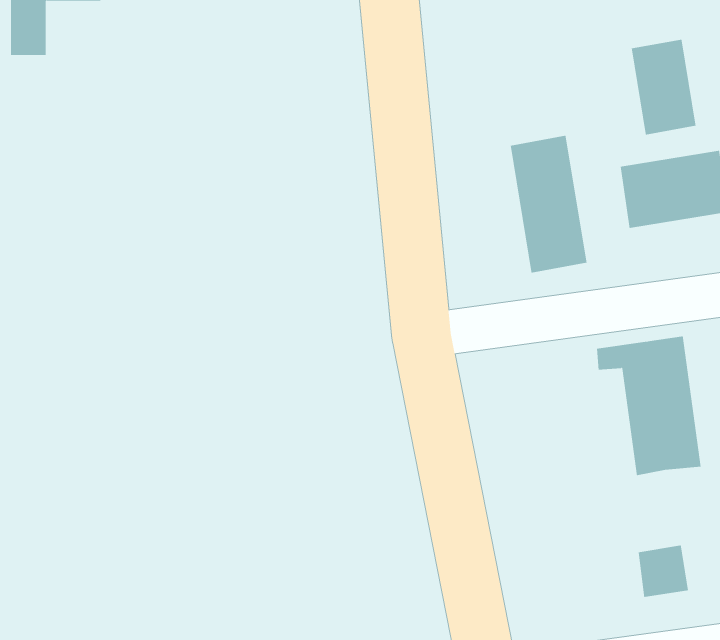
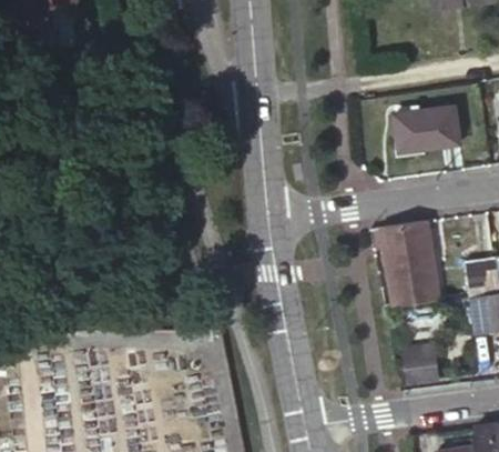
building: [631,39,696,135] -> none
building: [510,135,587,274] -> none

